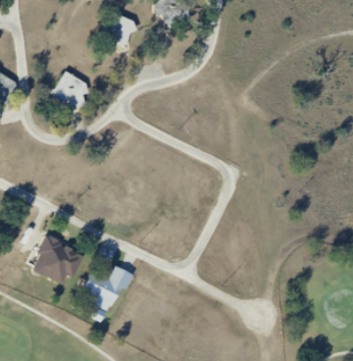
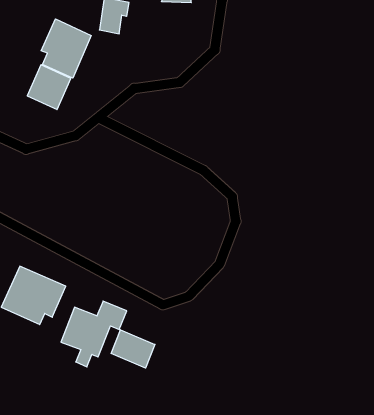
building: none -> [41,19,91,78]
building: none -> [111,330,155,368]

